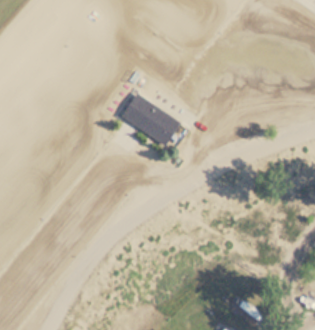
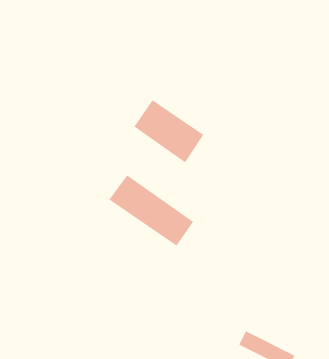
building: none -> [109,174,194,246]

